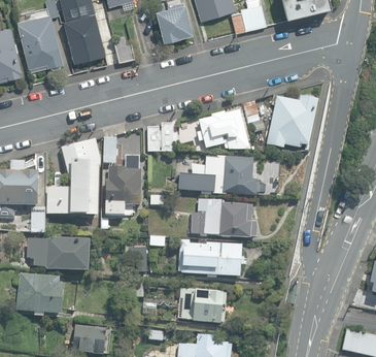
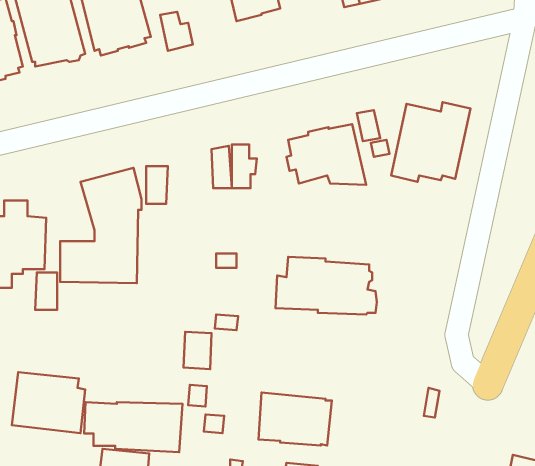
building: [178,154,260,196] -> none
building: [105,166,142,216] -> none
building: [26,239,91,272] -> [84,402,182,452]
building: [178,239,241,279] -> none

